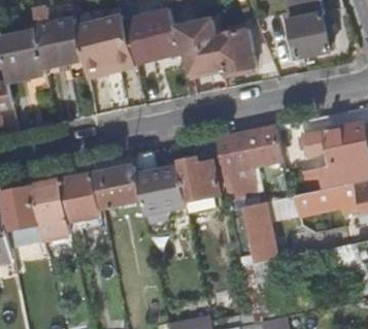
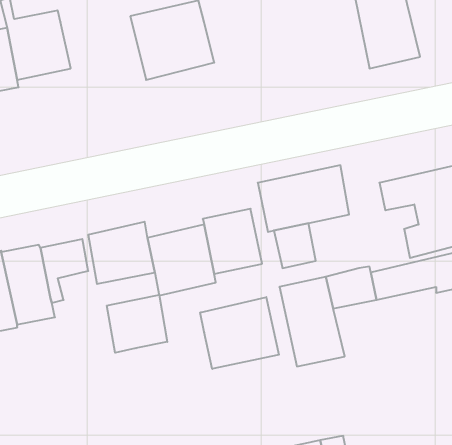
building: [74,13,135,75] -> none
building: [176,15,254,72] -> none
building: none -> [107,295,167,353]
building: none -> [200,297,279,369]

